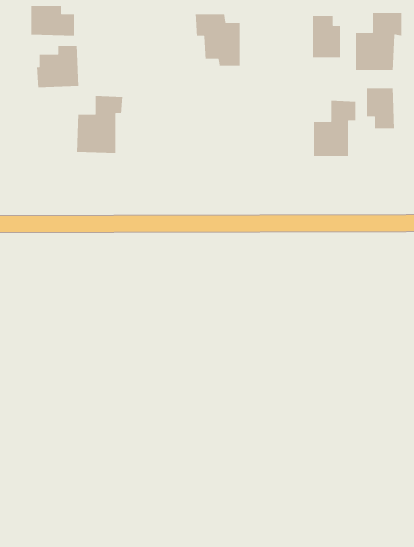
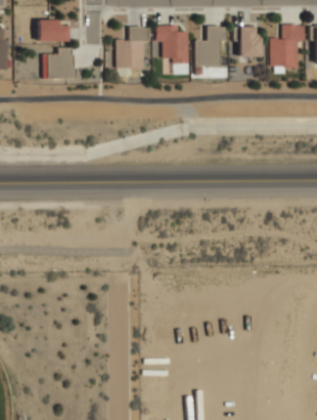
building: [366,88,395,129] -> none
building: [76,95,123,154] -> [117,27,150,69]
building: [313,100,356,157] -> [195,26,226,67]

